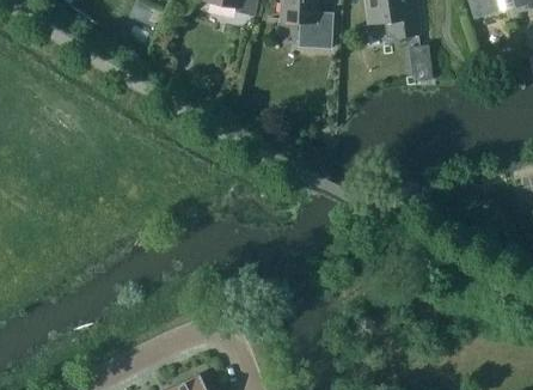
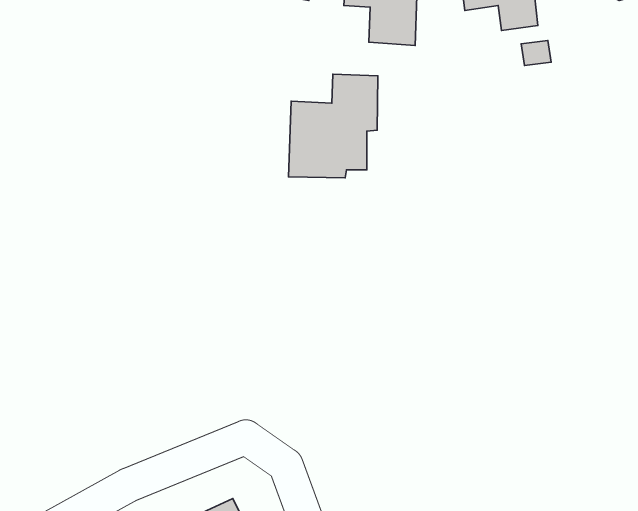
building: none -> [289,74,378,178]

